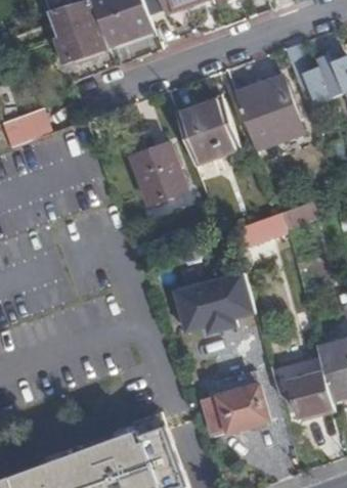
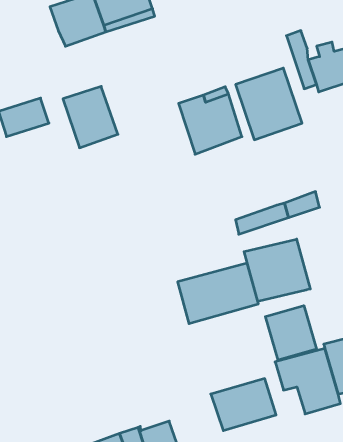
building: [132,143,186,204] -> [63,86,118,148]
building: none -> [244,239,310,302]
building: none -> [265,306,317,360]

